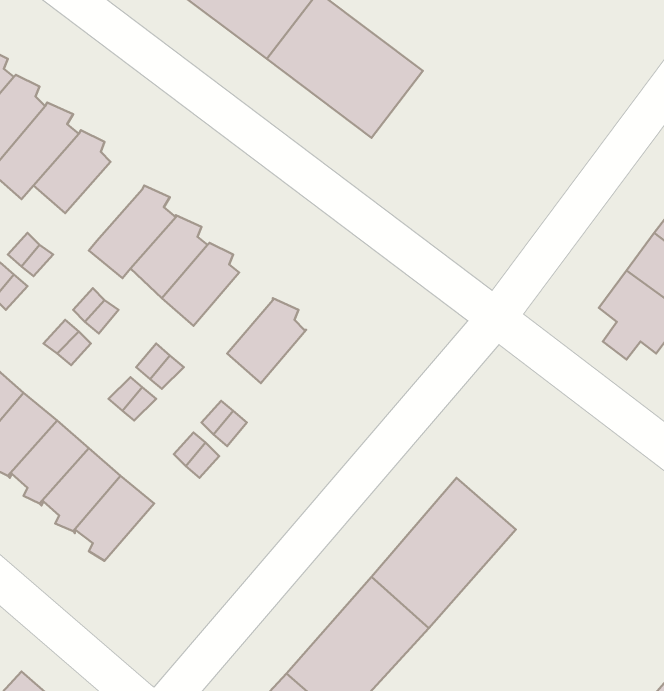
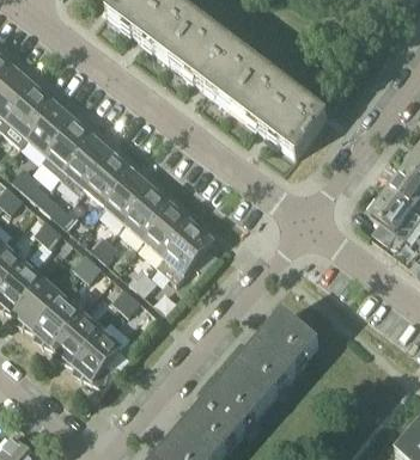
building: none -> [232,66,327,154]
building: none -> [47,118,93,168]
building: none -> [124,186,172,237]
building: none -> [157,220,213,281]
building: none -> [71,327,120,386]

